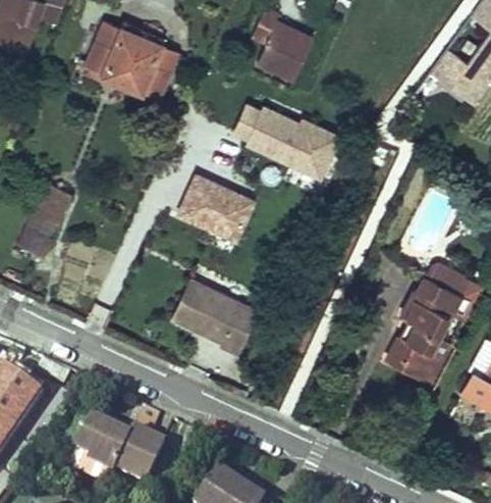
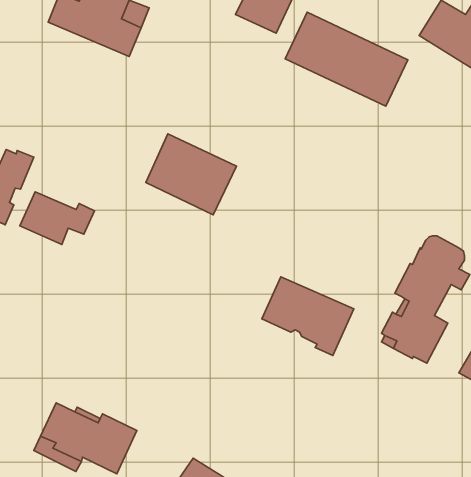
building: [227,96,340,183] -> [285,12,408,106]
building: none -> [20,192,95,245]
building: [174,281,259,353] -> [262,277,354,355]

